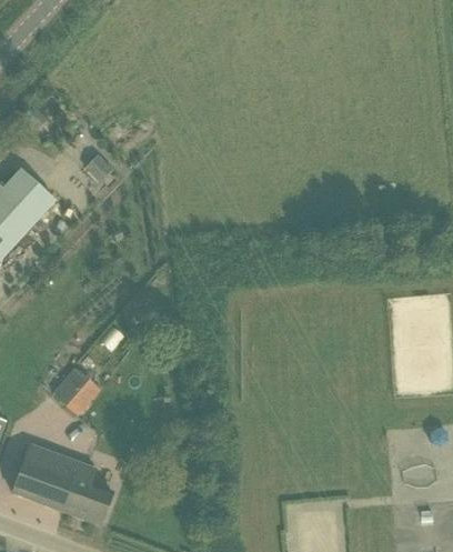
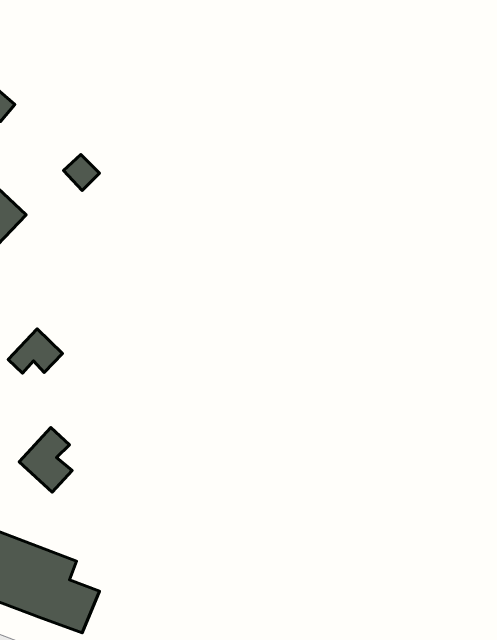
building: none -> [8,329,63,373]

